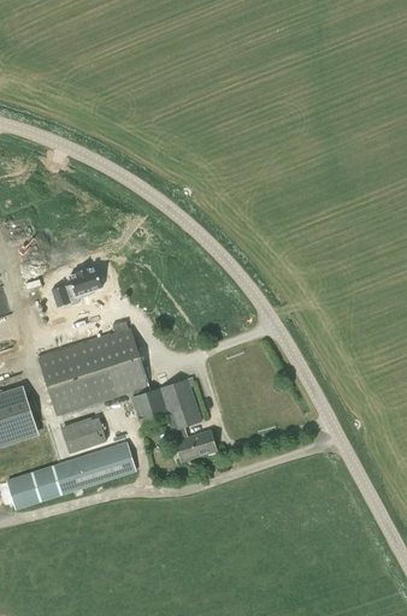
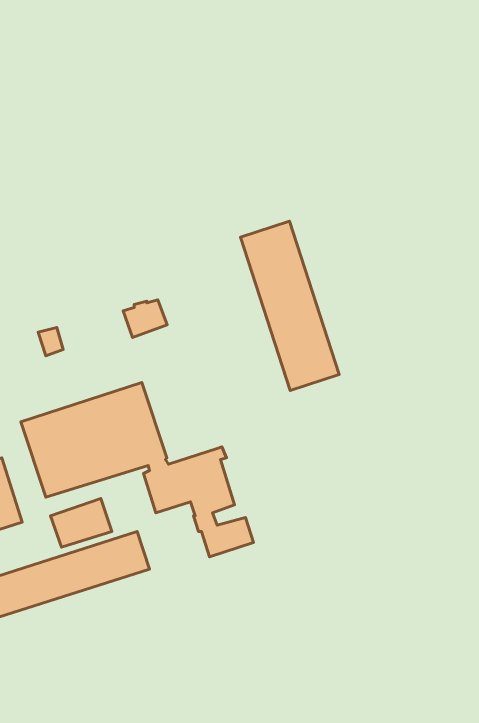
building: none -> [240,221,339,391]
building: [69,267,102,296] -> [123,300,167,337]

